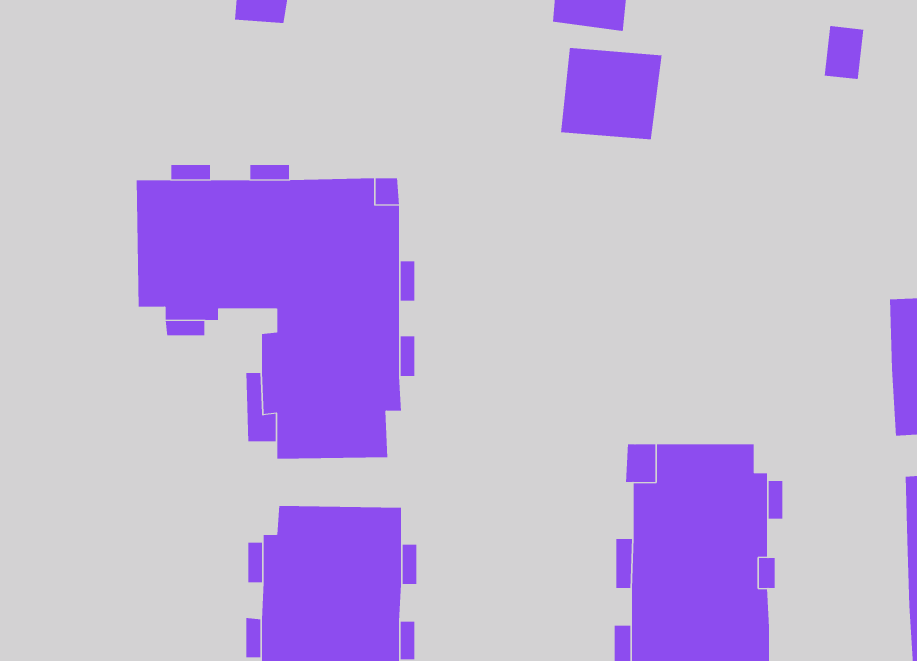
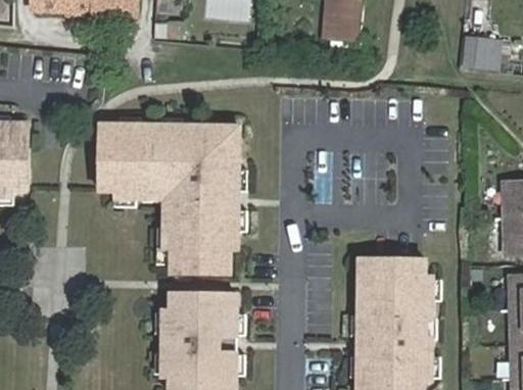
building: [561,47,662,140] -> none

